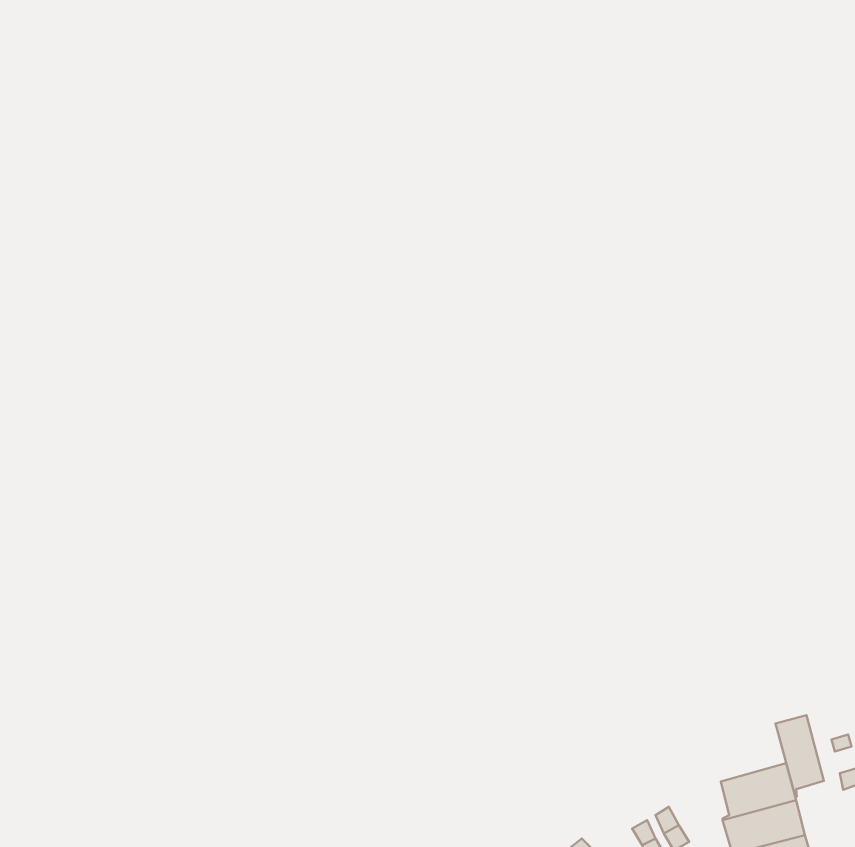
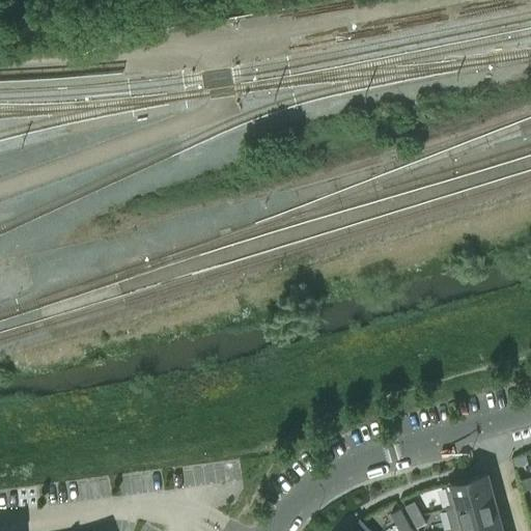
building: [775,715,824,797] -> none

